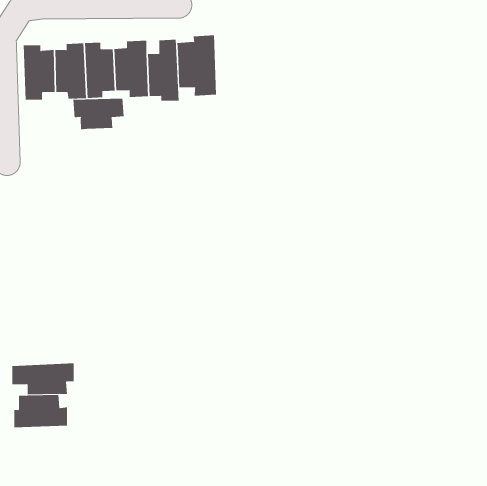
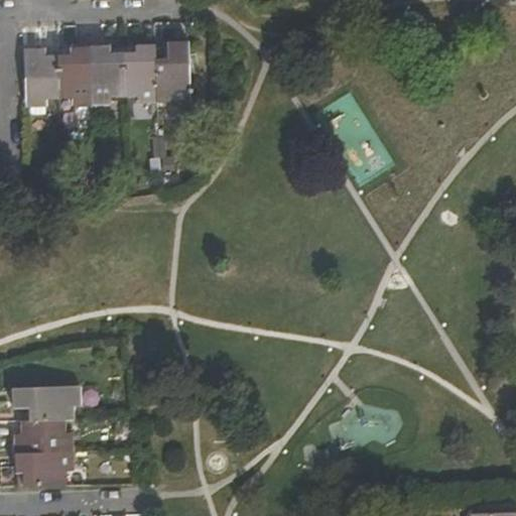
building: [177,35,216,97] -> none
building: [73,98,124,130] -> none
building: none -> [14,449,73,485]

